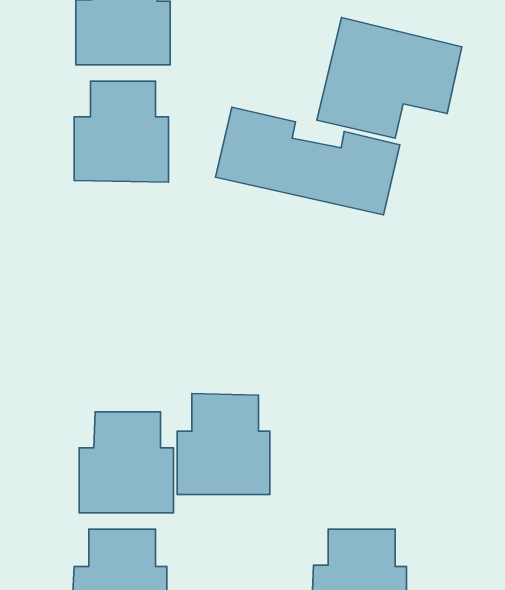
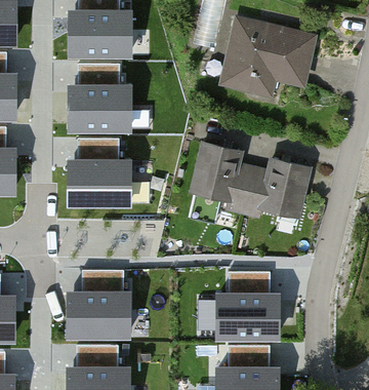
building: [216,107,400,215] -> [192,150,307,218]
building: none -> [70,140,129,203]
building: [177,394,270,495] -> [219,272,278,336]

